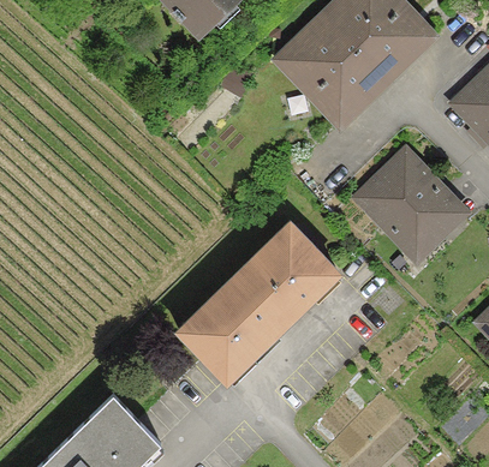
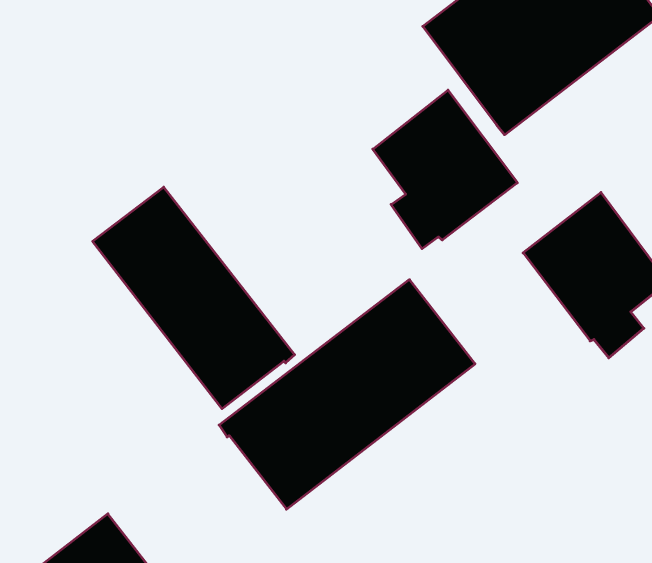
building: none -> [373,90,517,249]
building: none -> [93,187,295,409]

